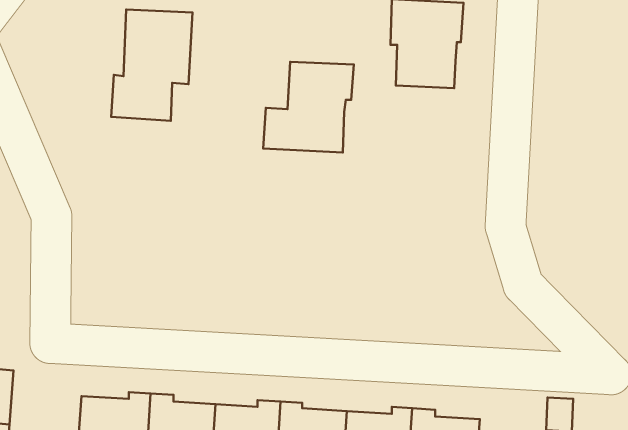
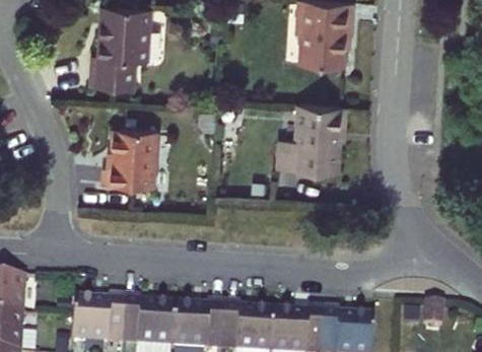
building: [263,62,354,153] -> [279,109,347,177]
building: none -> [100,134,153,193]

